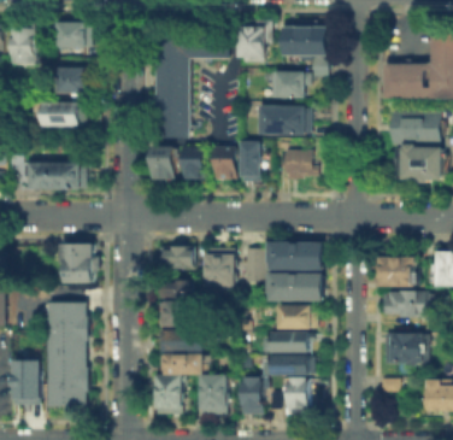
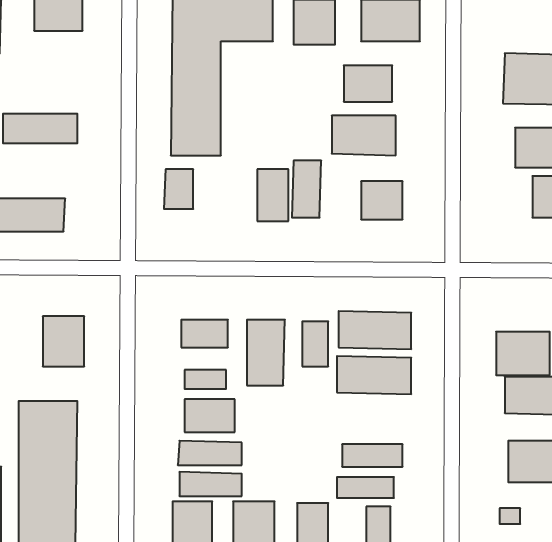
building: [49,70,89,94] -> none
building: [183,146,205,178] -> none
building: [278,307,314,329] -> none

